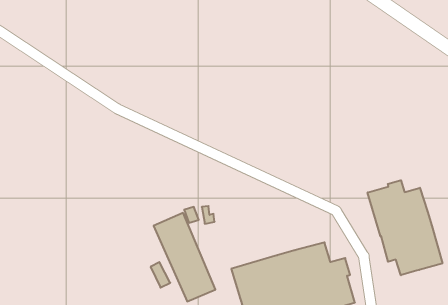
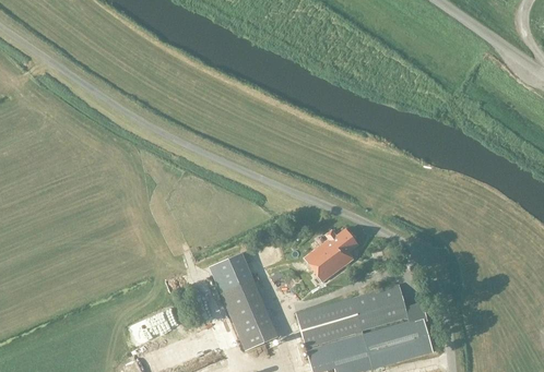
building: [368,180,442,275] -> none
building: none -> [304,229,357,281]

